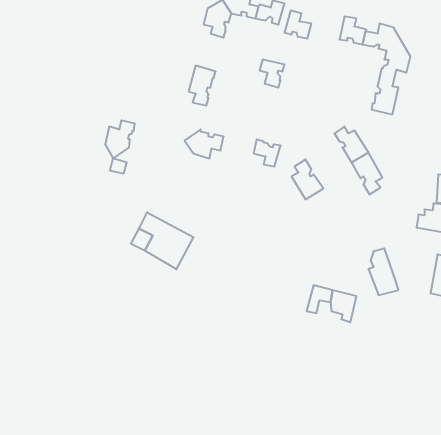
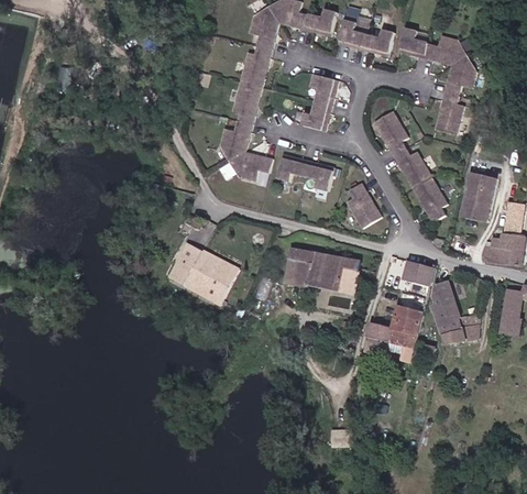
building: none -> [363,29,394,56]
building: none -> [240,45,271,87]
building: none -> [300,100,331,130]
building: none -> [373,111,407,155]
building: [105,121,135,159] -> [219,121,252,163]
building: none -> [276,155,307,182]
building: none -> [459,172,495,221]
building: none -> [284,248,360,290]
building: none -> [403,261,435,286]
building: none -> [391,306,422,334]
building: none -> [441,311,480,344]

